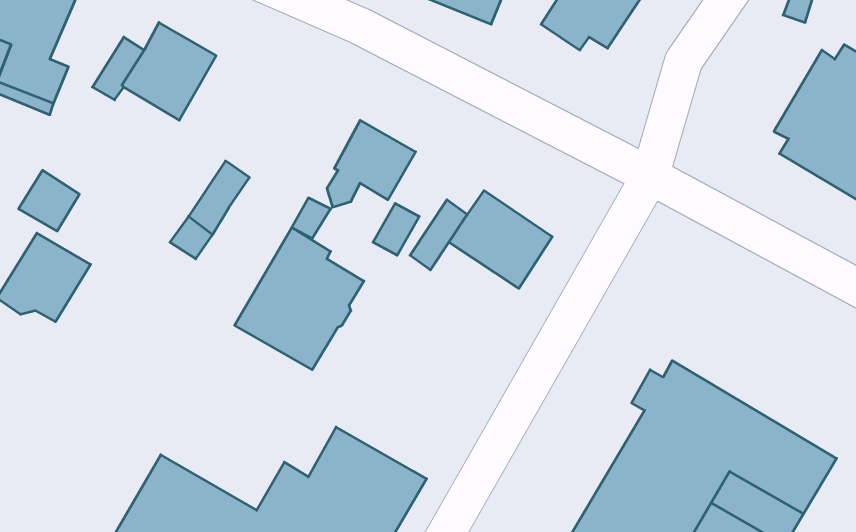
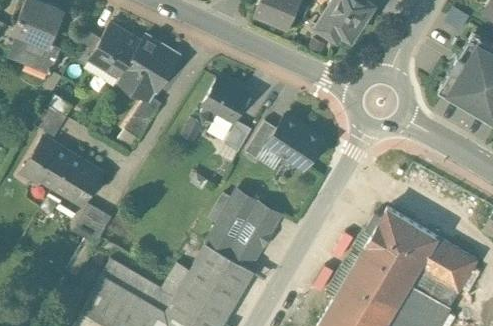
building: none -> [120,36,175,96]
building: [235,227,364,370] -> [205,191,275,268]
building: none -> [53,156,101,205]
building: none -> [72,204,111,245]

